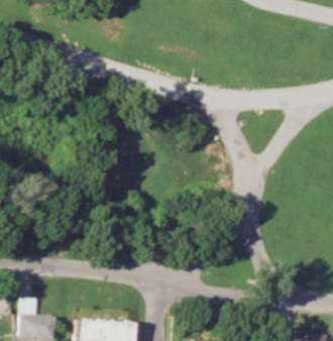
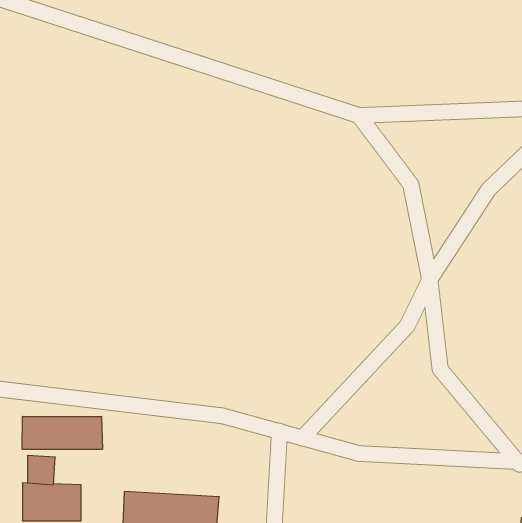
building: none -> [22,416,102,449]

